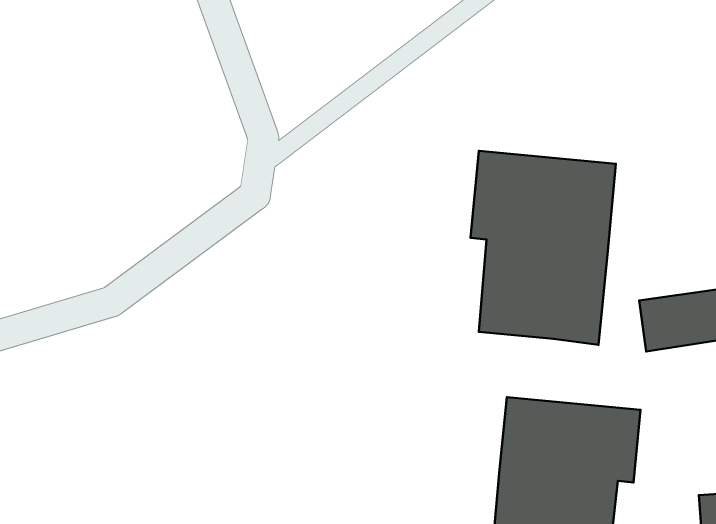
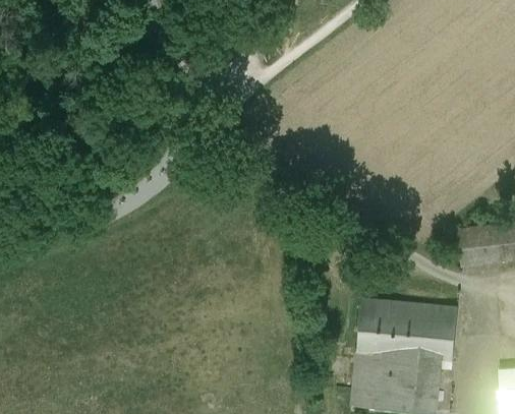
building: [471,151,616,345] -> none

